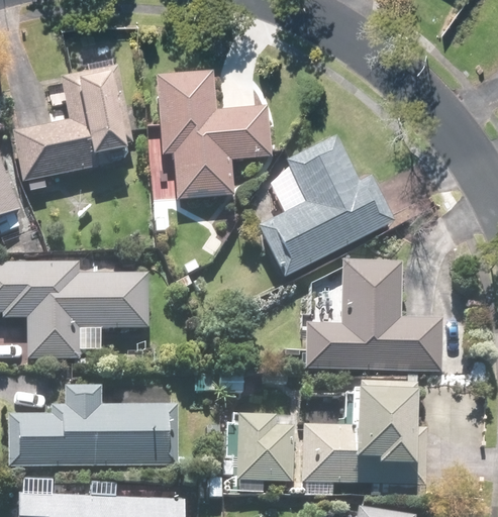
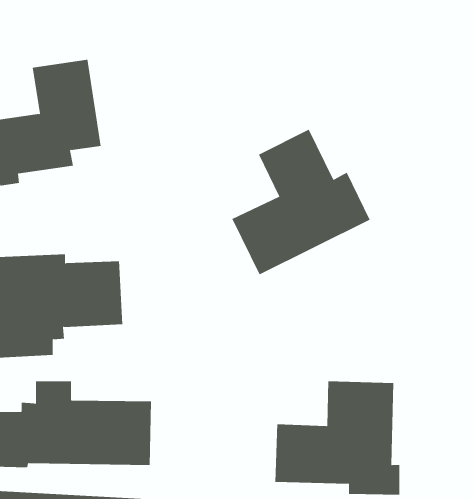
building: [156,71,272,200] -> none
building: [307,257,444,370] -> none
building: [228,413,294,493] -> none

